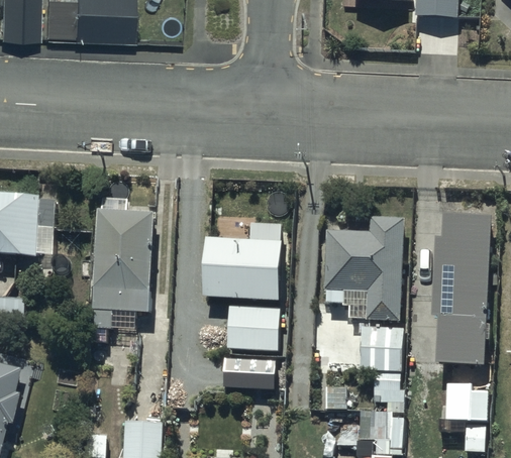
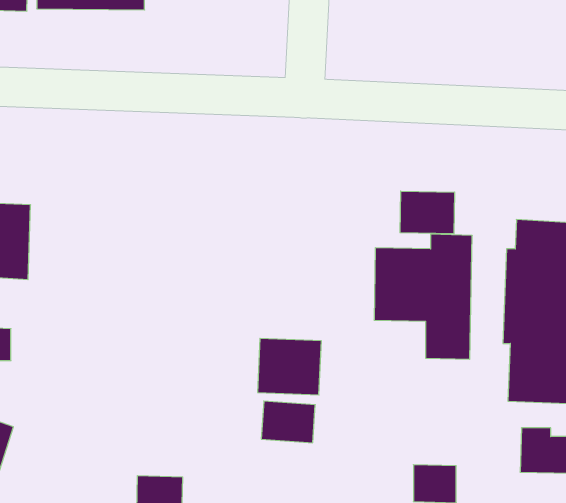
building: none -> [400,191,455,234]
building: [95,213,155,314] -> none
building: [204,225,283,302] -> none
building: [357,327,403,368] -> none

